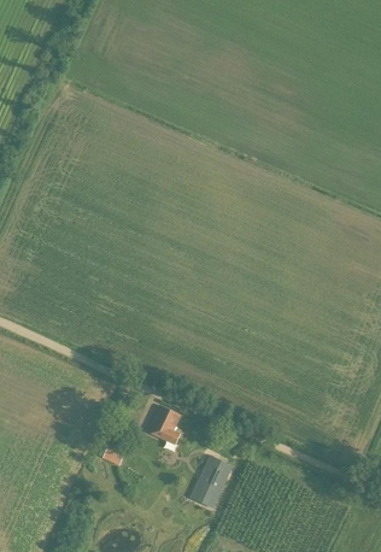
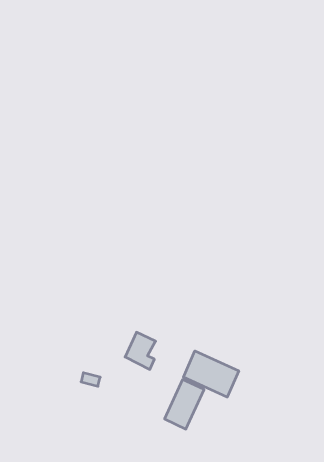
building: none -> [183,351,239,397]

